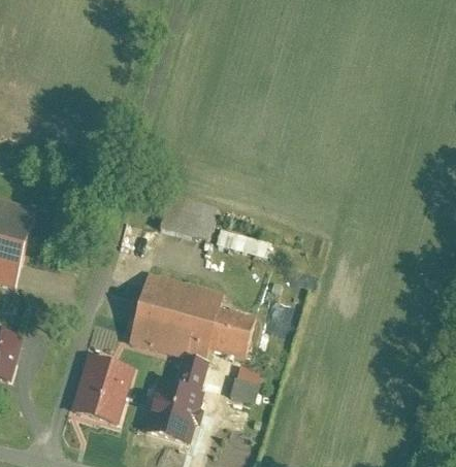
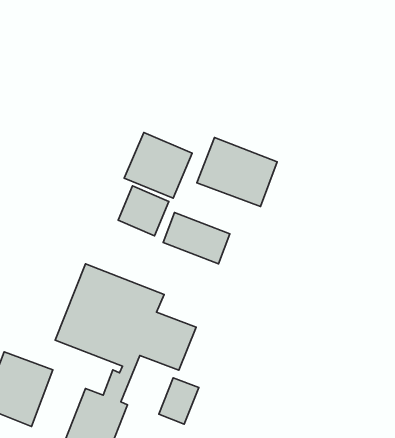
building: none -> [197,137,277,206]
building: none -> [124,132,192,198]

